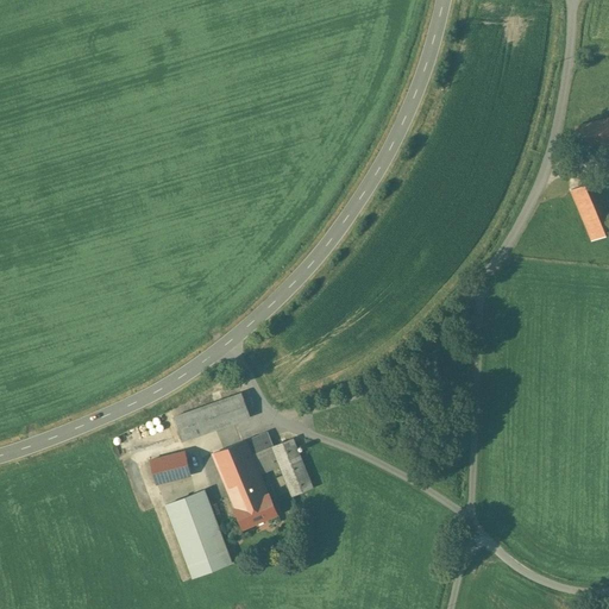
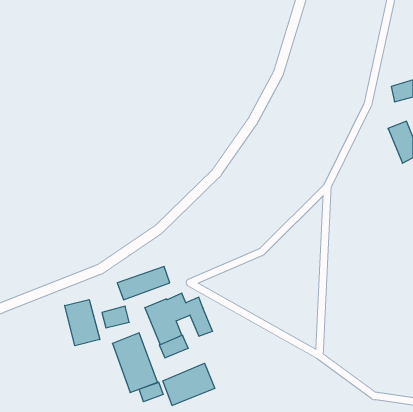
building: none -> [65,300,100,346]
building: none -> [163,363,215,406]
building: none -> [139,382,163,402]

